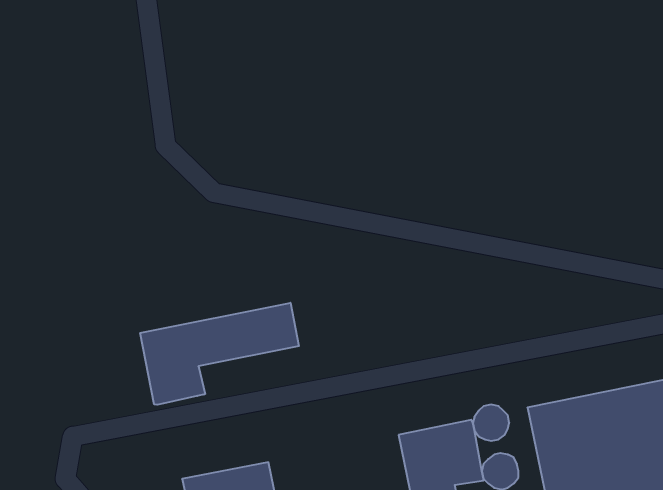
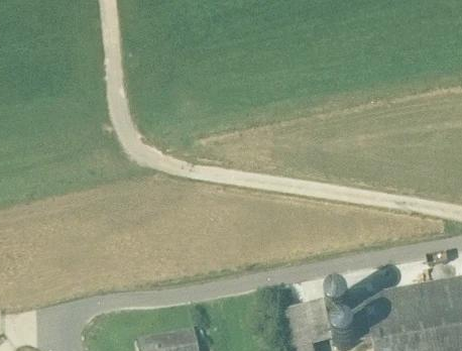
building: [140,303,299,405] -> none

